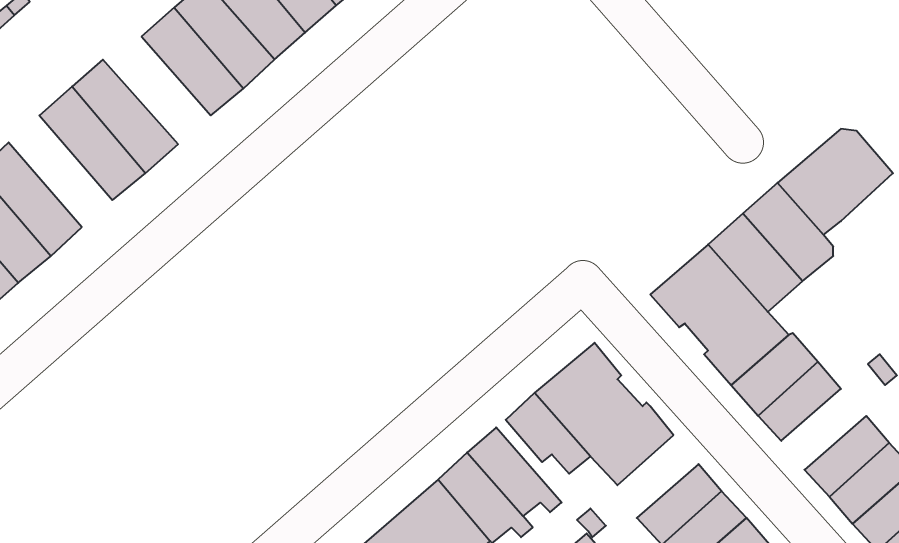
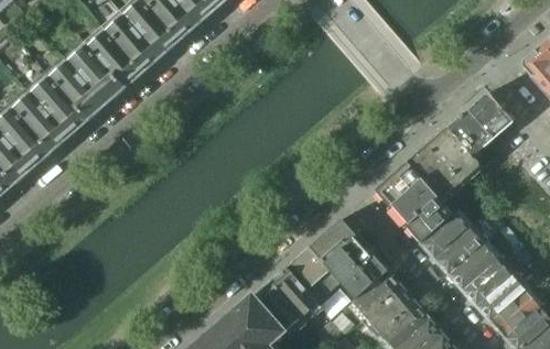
building: none -> [61,41,122,106]
building: none -> [7,89,66,153]
building: none -> [449,246,497,292]
building: none -> [352,272,401,319]

